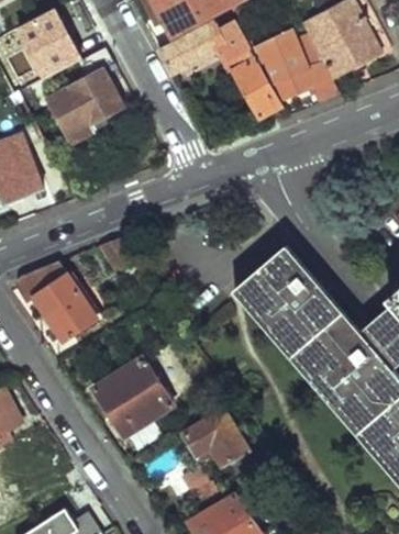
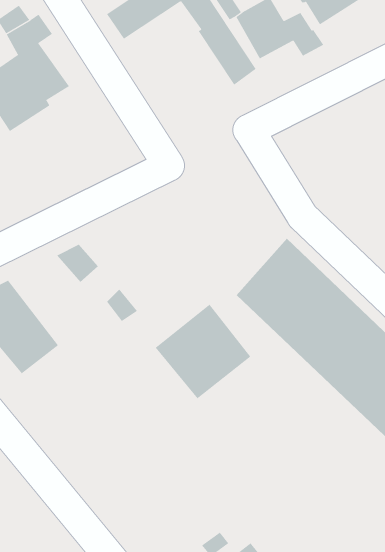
building: [92,358,170,435] -> [155,304,251,399]
building: [182,411,247,466] -> none

